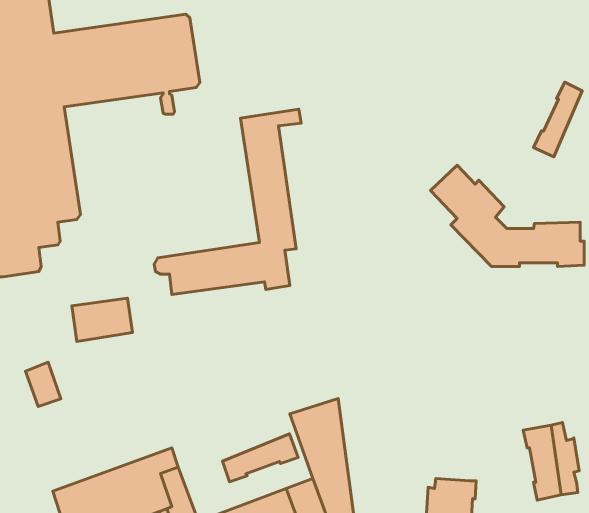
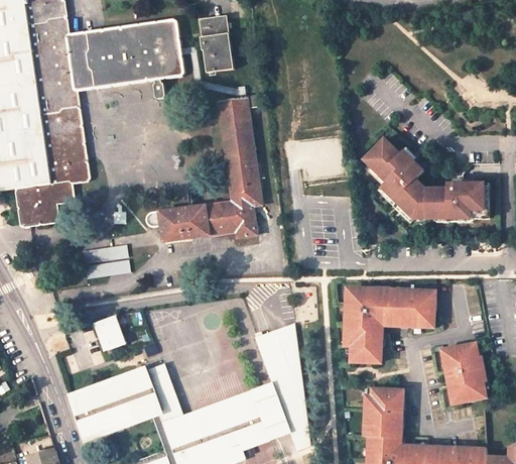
building: none -> [199,15,233,73]
building: [533,82,582,157] -> none
building: none -> [343,286,435,363]
building: [25,362,61,407] -> [97,314,125,349]
building: [223,434,298,482] -> none

